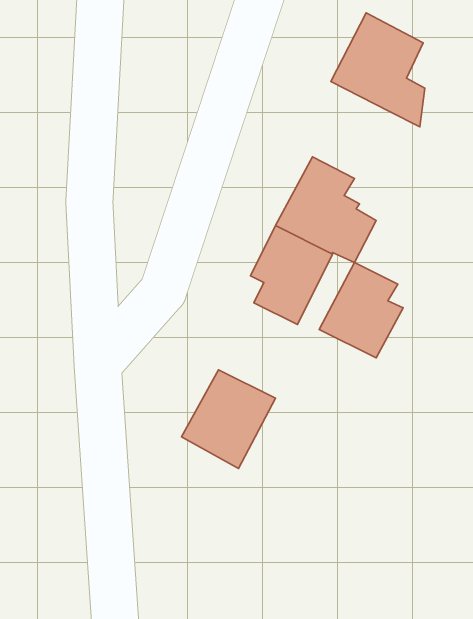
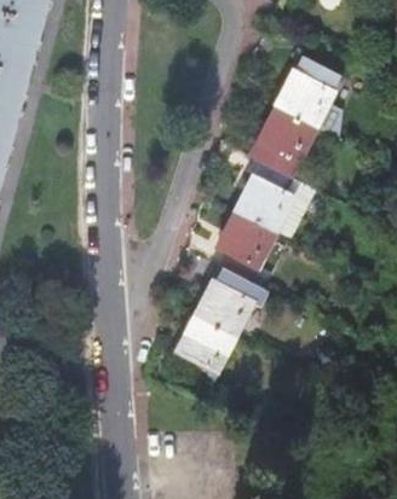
building: none -> [247,105,318,175]
building: [319,262,403,358] -> [195,265,255,333]

